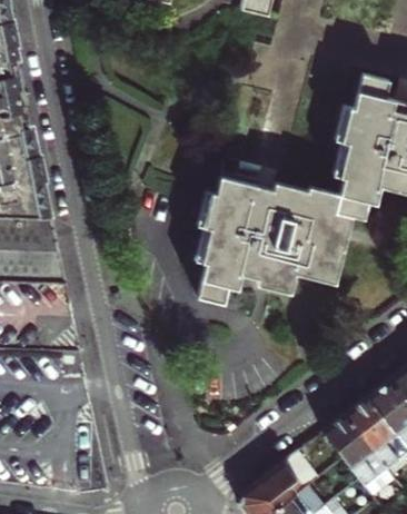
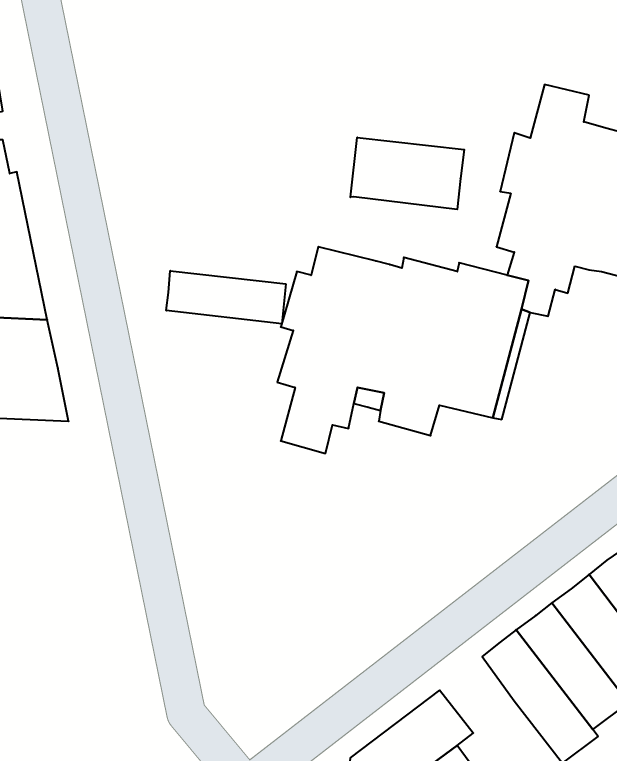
building: none -> [350,137,464,209]
building: none -> [166,271,286,324]

